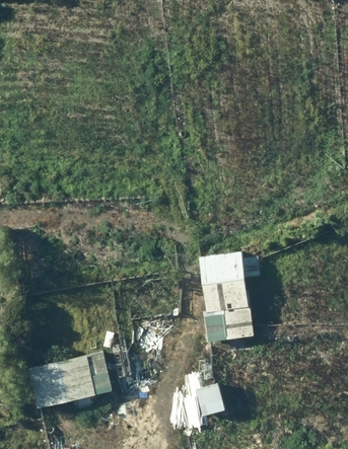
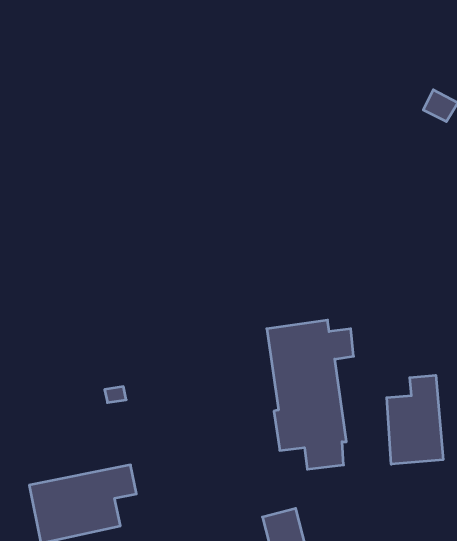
building: none -> [387,375,443,464]

